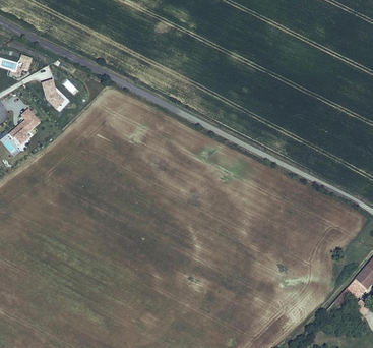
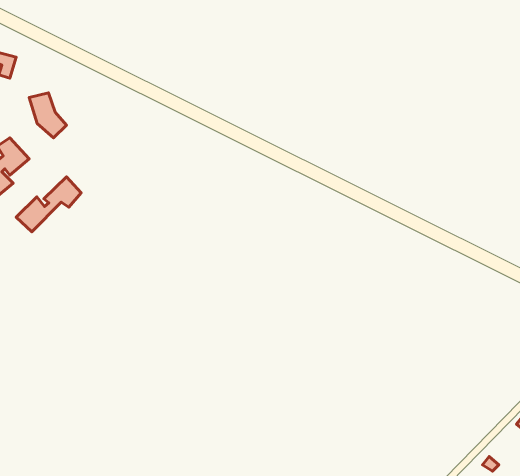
building: none -> [16,177,81,232]

